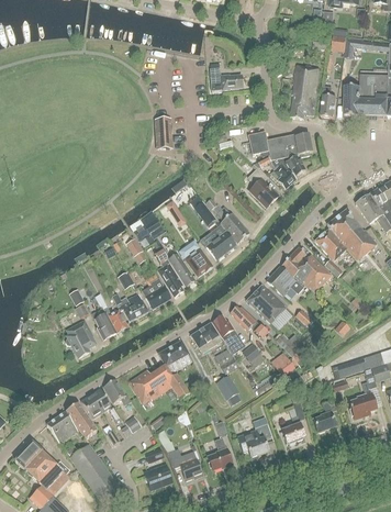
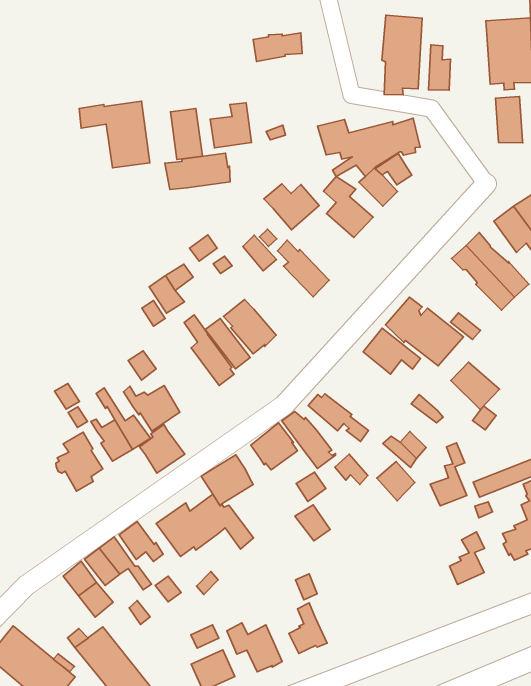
building: [344,86,359,115] -> [496,96,523,143]
building: none -> [79,101,150,168]
building: none -> [210,103,252,148]
building: none -> [165,153,230,190]
building: [315,229,346,259] -> [451,362,500,409]
building: [200,230,235,259] -> [264,184,319,230]
building: [142,277,170,308] -> [140,425,185,473]
building: [247,286,286,323] -> none
building: [281,404,304,444] -> [430,443,467,506]
building: [46,411,77,443] -> none
building: [237,424,271,457] -> none

